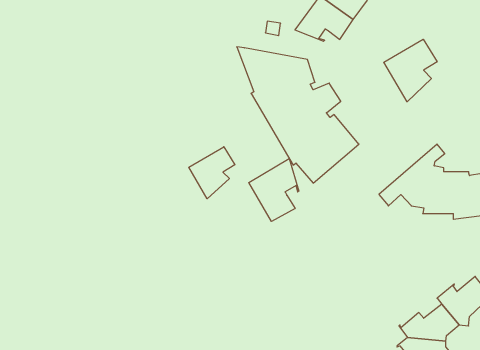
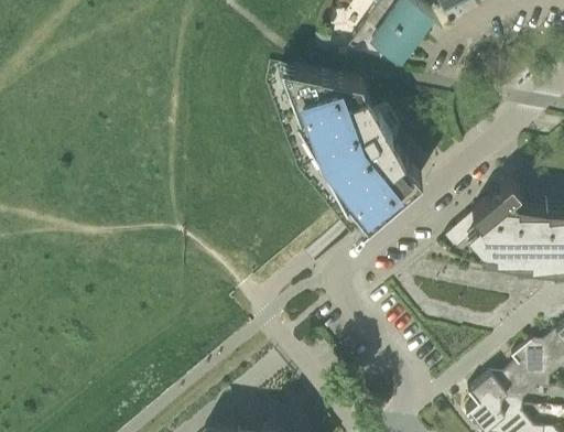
building: [384,39,437,102] -> none
building: [189,147,235,199] -> none
building: [249,159,299,221] -> none

